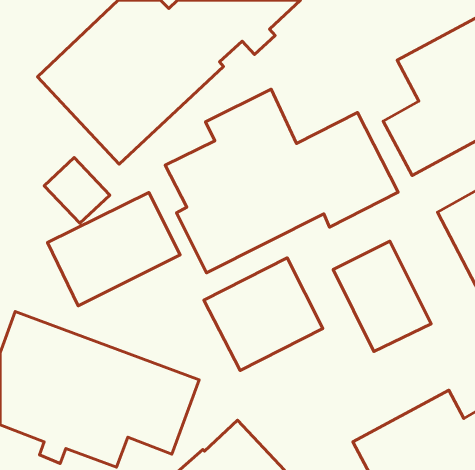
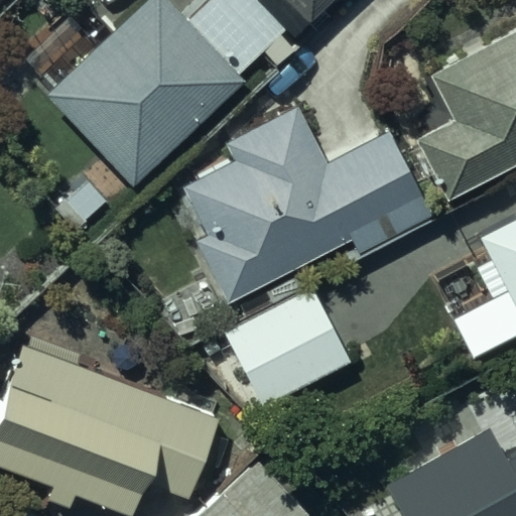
building: [48,192,180,306] -> none
building: [333,241,431,351] -> none

